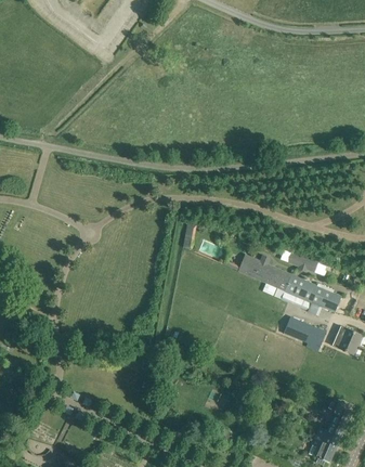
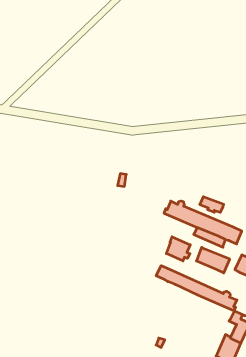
building: none -> [166,237,190,261]
building: none -> [156,266,237,311]

